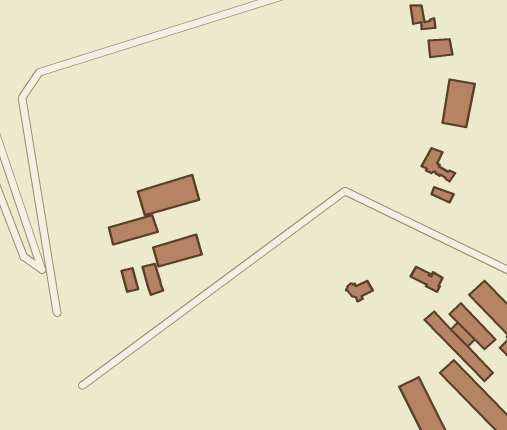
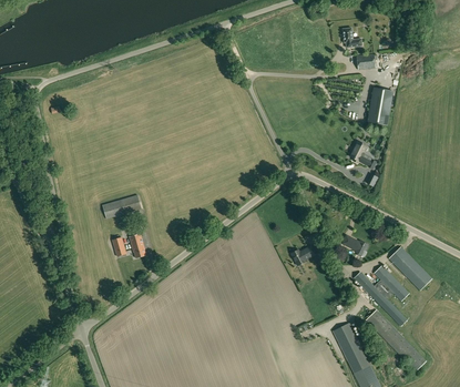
building: [138,175,199,215] -> none
building: [153,235,202,266] -> none

